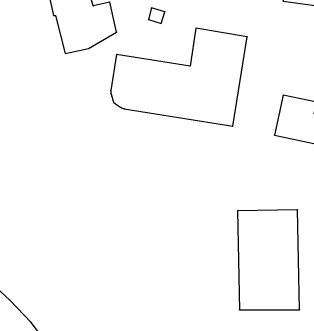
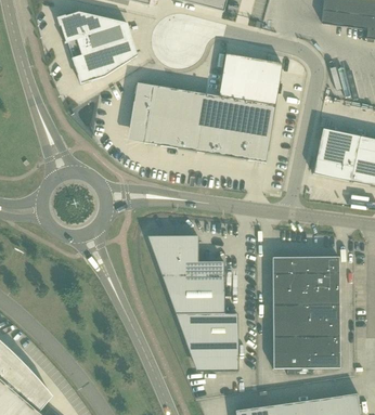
building: none -> [152,234,237,369]

